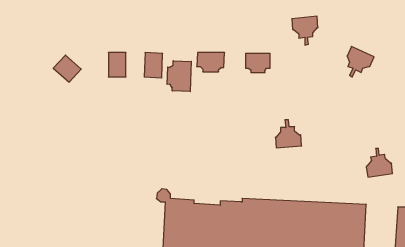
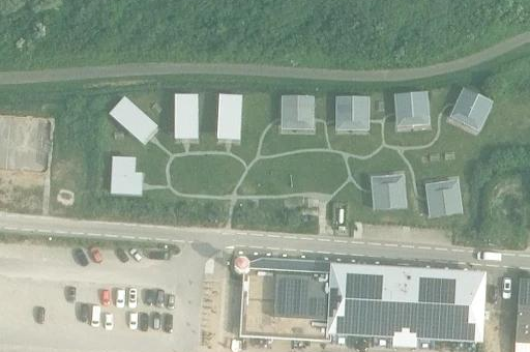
building: [292,16,318,45] -> [396,92,428,126]
building: [167,61,191,92] -> none
building: none -> [113,158,134,193]
building: [366,148,392,177] -> [430,182,461,216]

